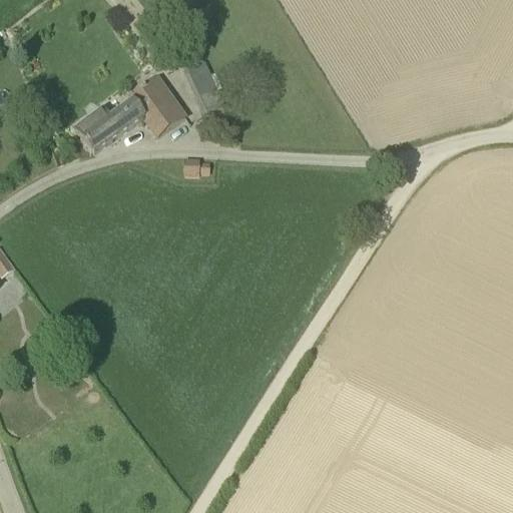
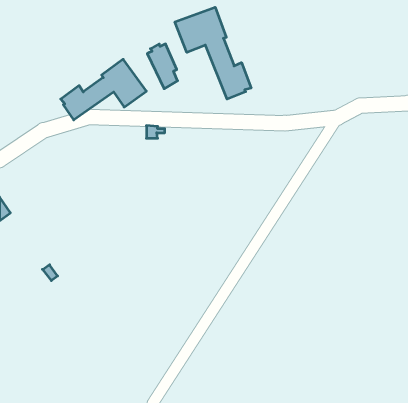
building: none -> [175,7,251,99]

